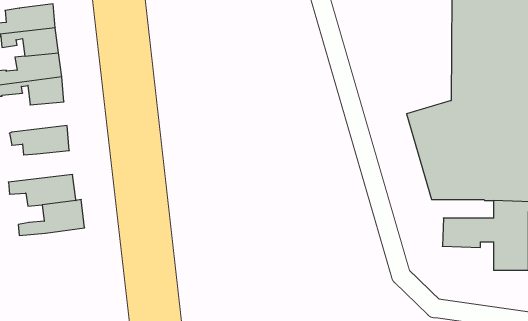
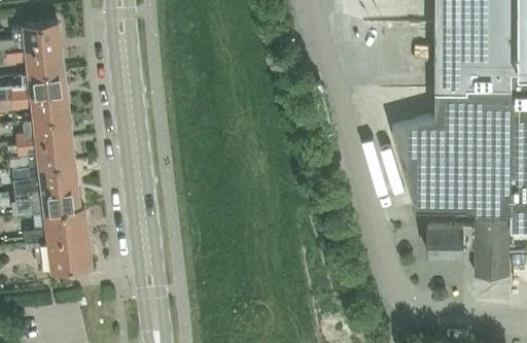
building: none -> [17,117,71,146]
building: none -> [13,164,76,194]
building: none -> [50,237,91,271]

